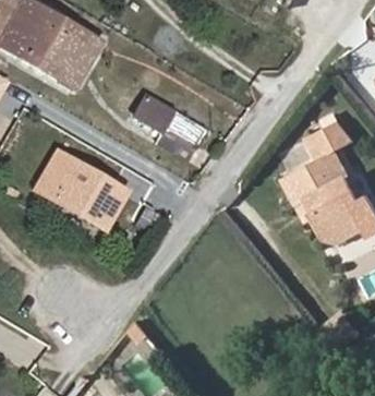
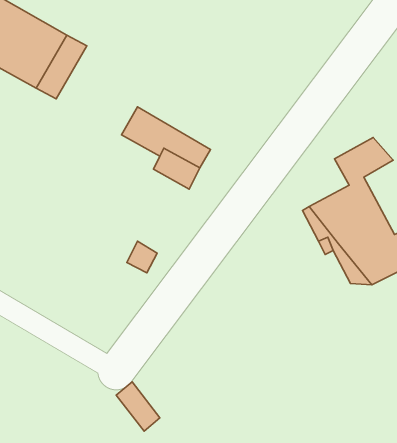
building: [38,154,129,232] -> none

